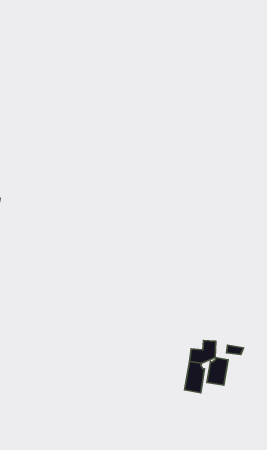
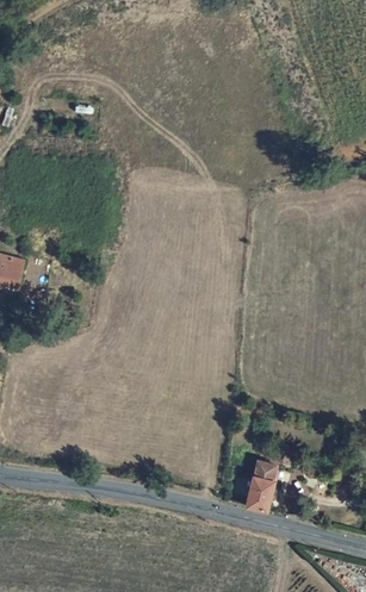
building: [207,358,228,385] -> none

